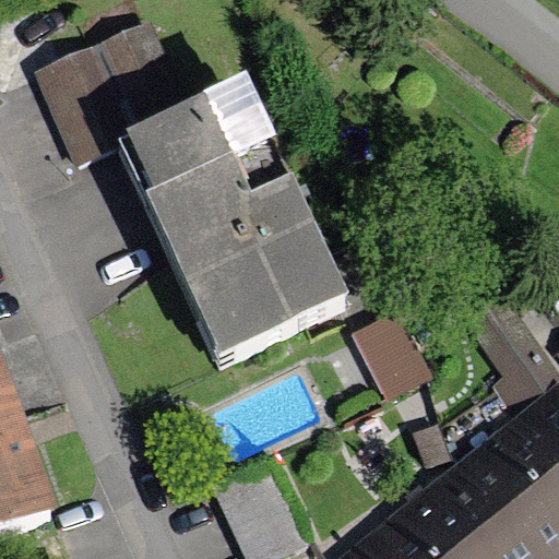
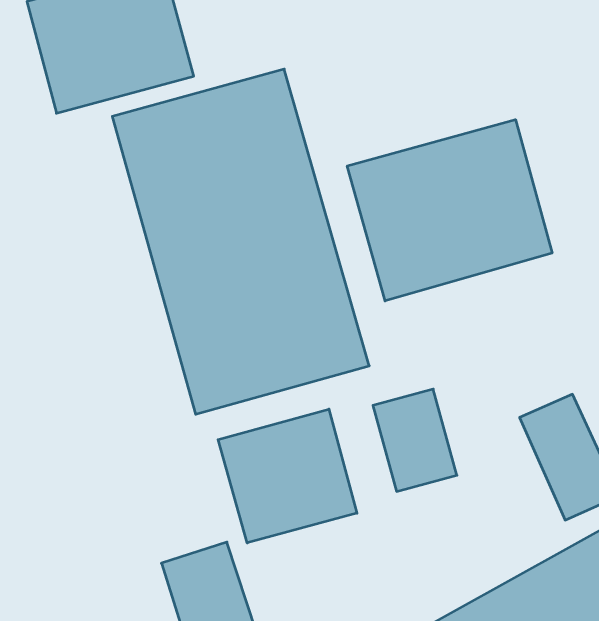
building: none -> [347,120,552,301]
building: none -> [218,409,357,543]

